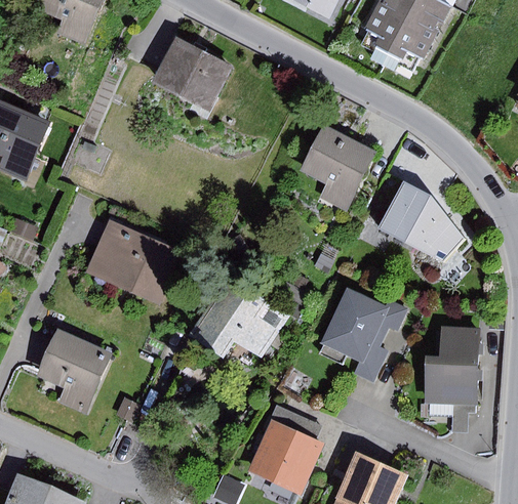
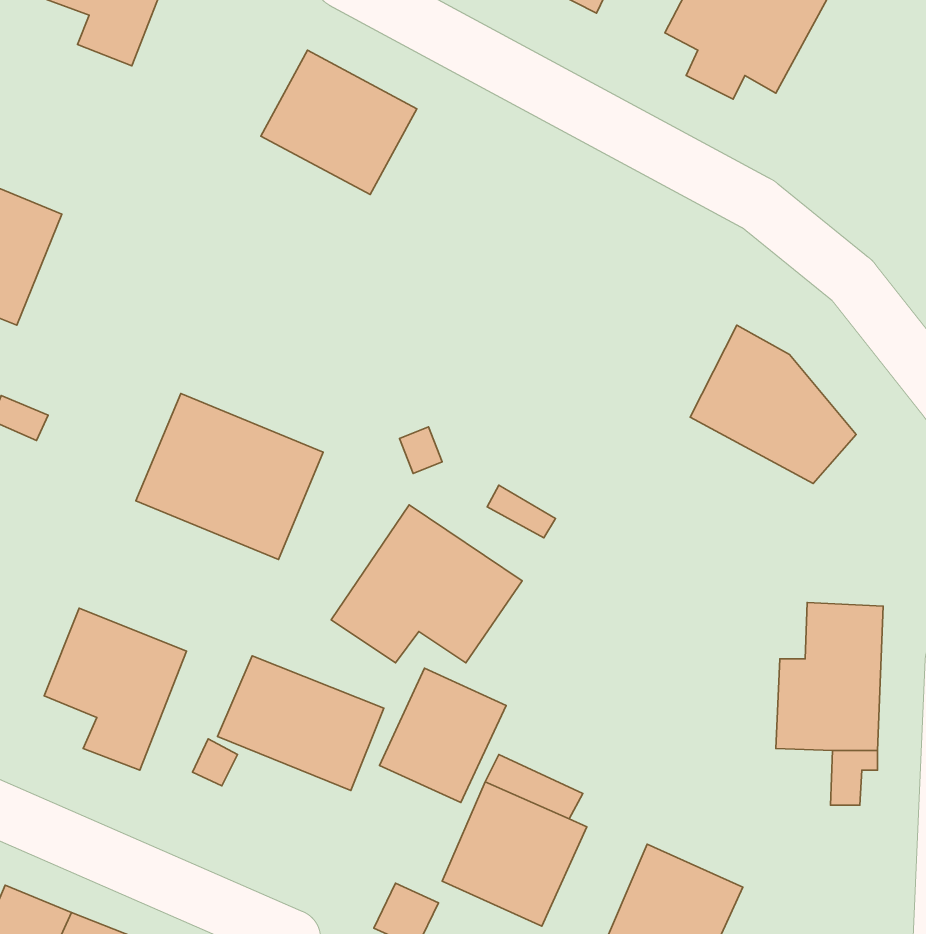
building: [298,124,376,211] -> none
building: [318,286,407,383] -> none
building: none -> [217,656,384,791]
building: none -> [379,668,506,803]

